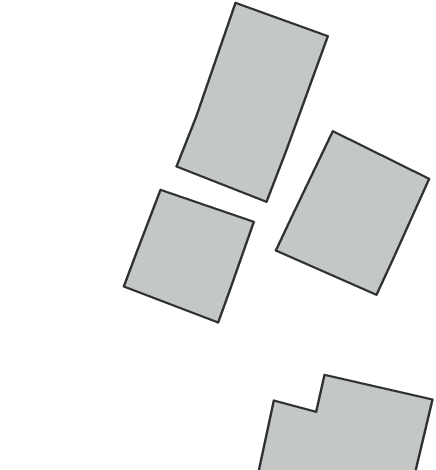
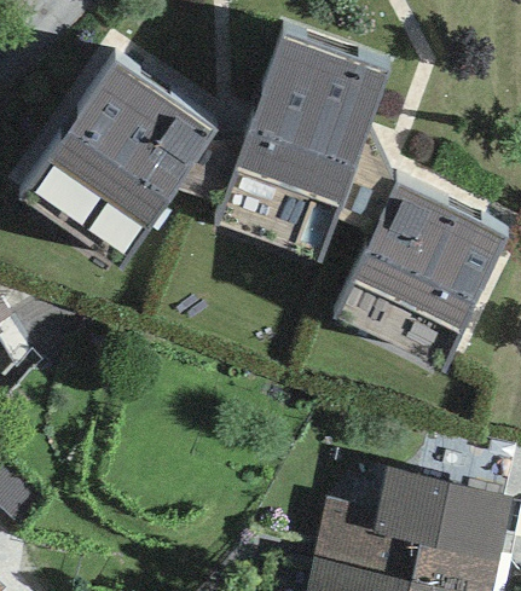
building: none -> [23,58,218,268]
building: [124,190,254,323] -> none

